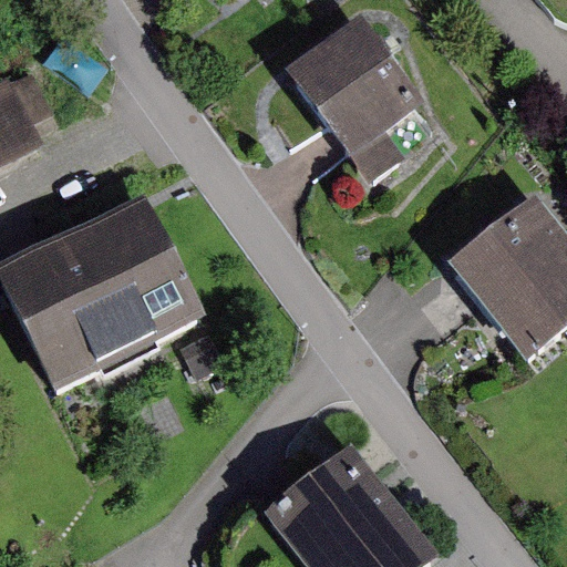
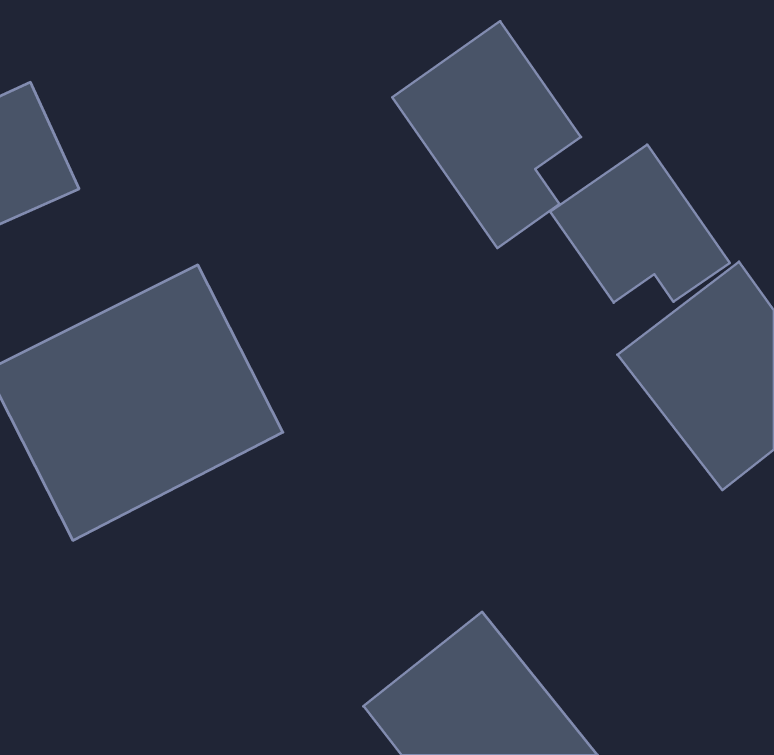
building: none -> [550,145,730,303]

